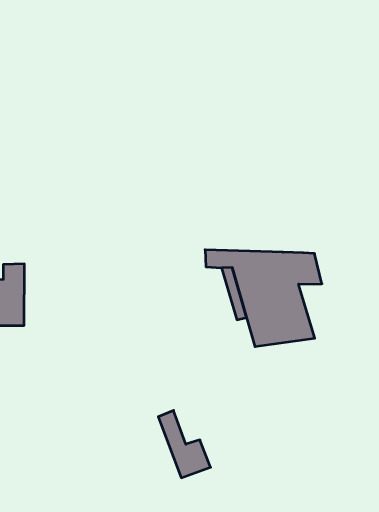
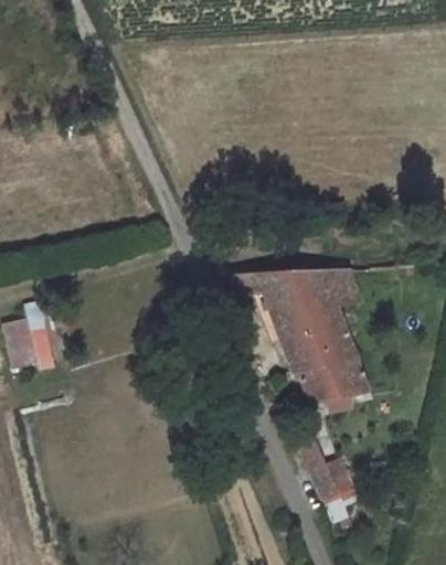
building: none -> [295,359,369,401]
building: [158,410,211,478] -> [297,430,355,500]

